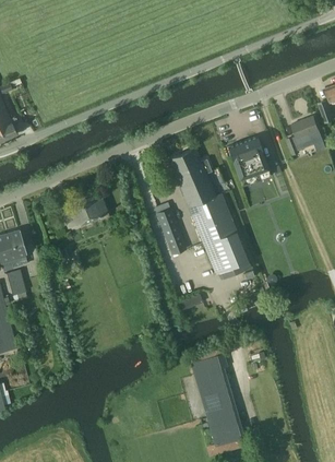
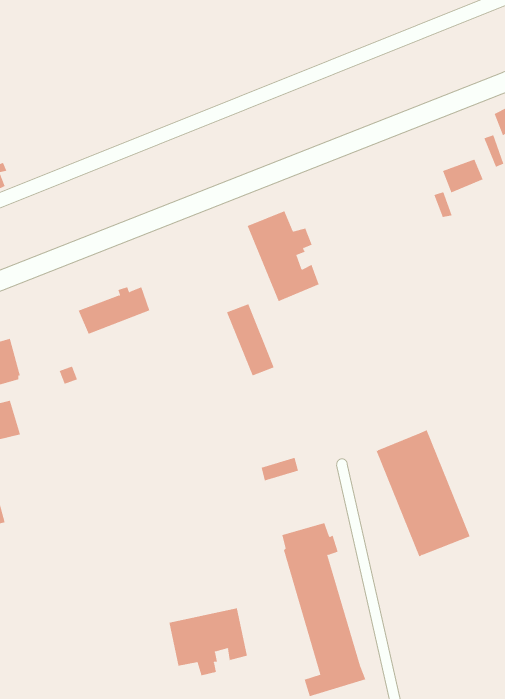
building: [227,137,271,186] -> none
building: [188,194,248,275] -> [376,430,470,557]
building: none -> [169,607,247,676]

